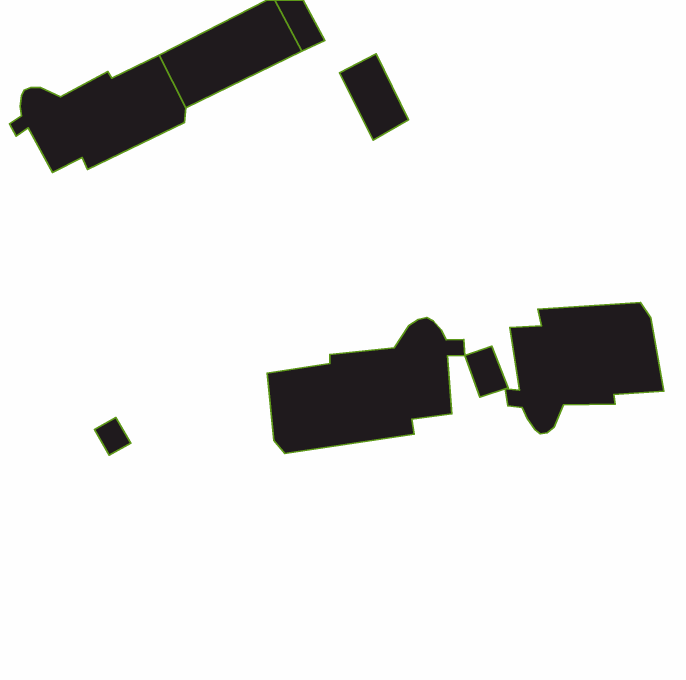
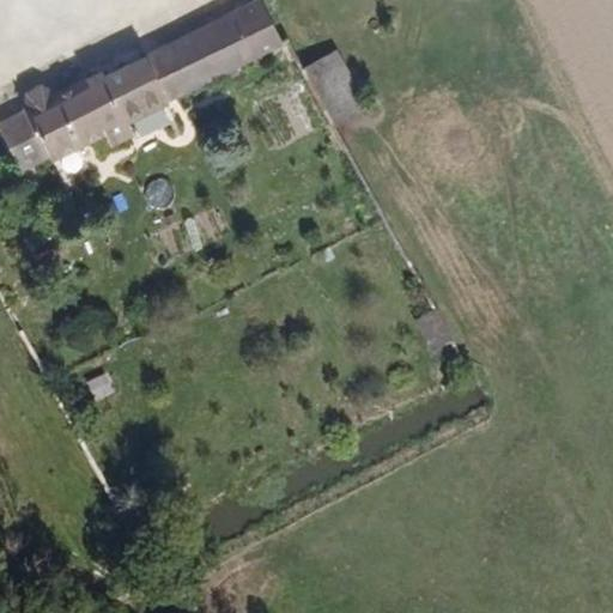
building: [505,303,664,434] -> none
building: [267,318,465,453] -> none

